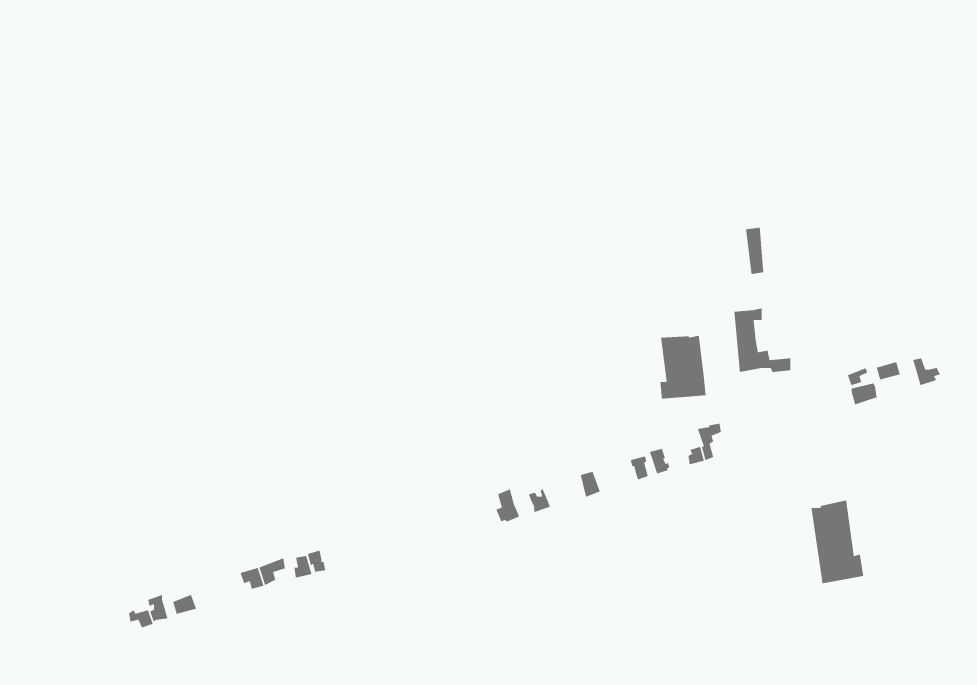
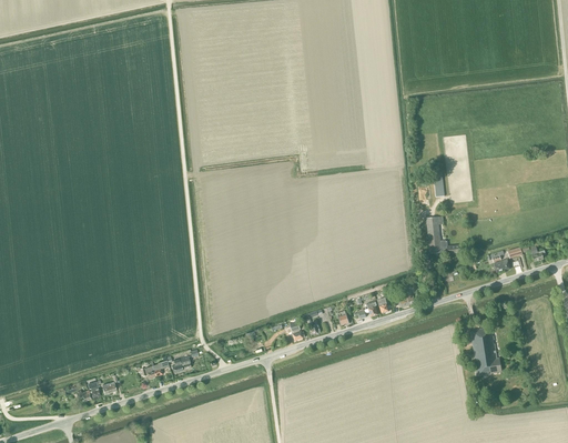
building: [660,335,707,400] -> none

